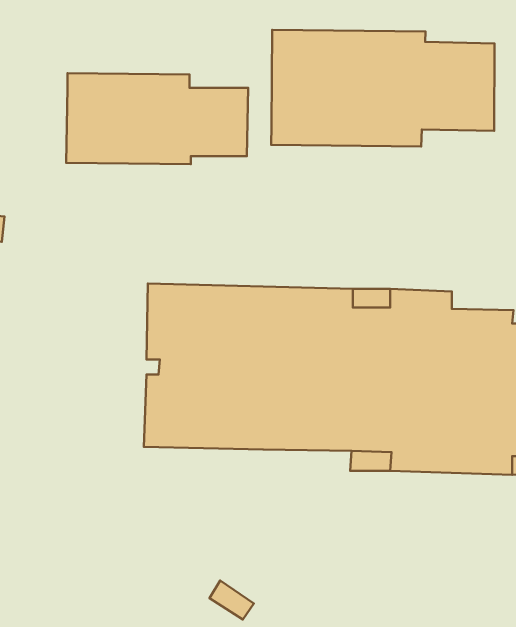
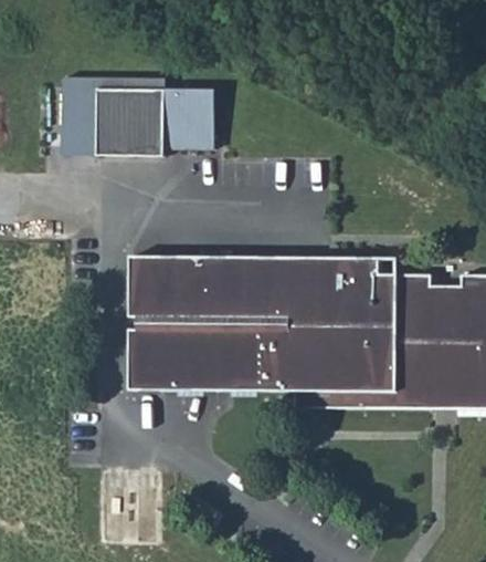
building: [271,30,495,147] -> none

